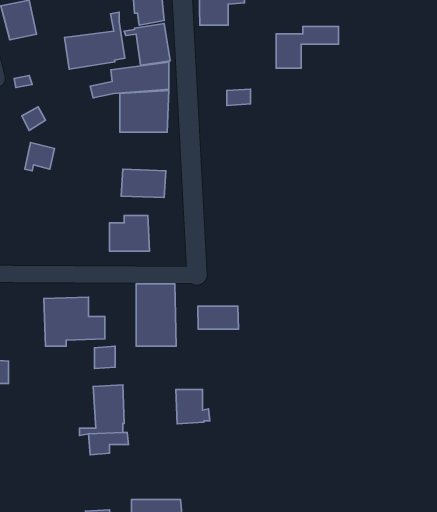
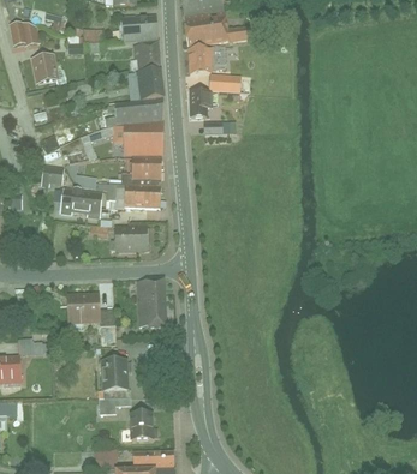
building: [65,12,125,69] -> none
building: [276,26,338,68] -> [189,82,239,115]
building: none -> [132,158,161,180]
building: none -> [59,190,103,218]
building: [198,306,238,329] -> none
building: [176,389,210,424] -> [130,414,157,442]

